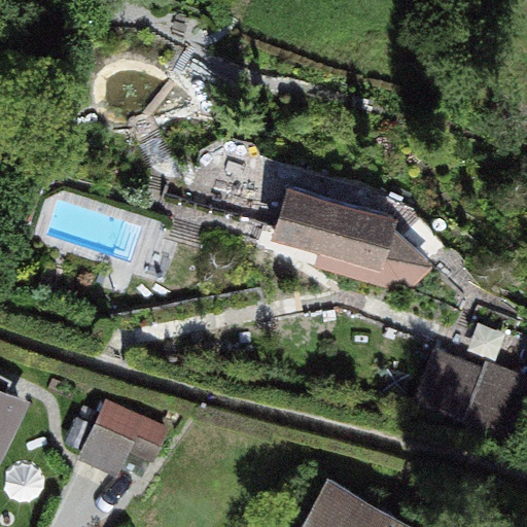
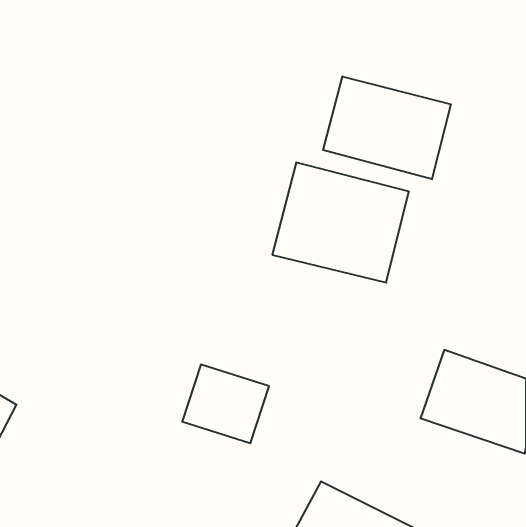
building: none -> [323,76,451,179]
building: [84,401,171,480] -> [182,365,269,443]

